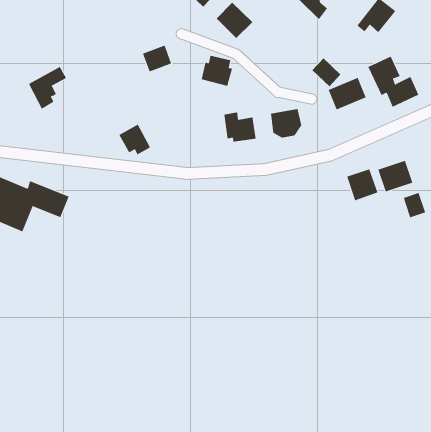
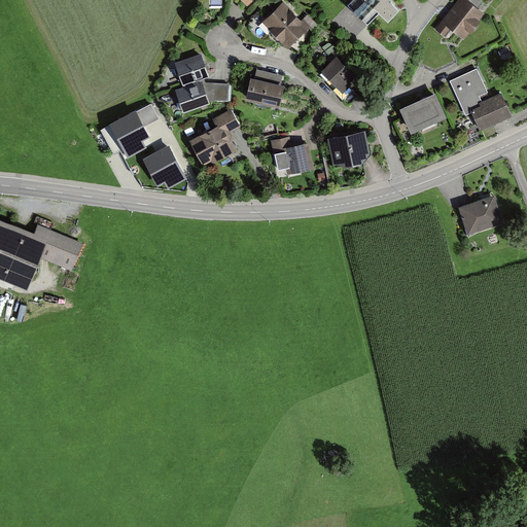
building: [312,57,341,87] -> [320,57,356,93]
building: none -> [173,80,229,112]
building: [28,66,67,109] -> [110,105,157,157]
building: none -> [189,110,238,167]
building: [346,168,378,201] -> none
building: [403,192,426,218] -> none

